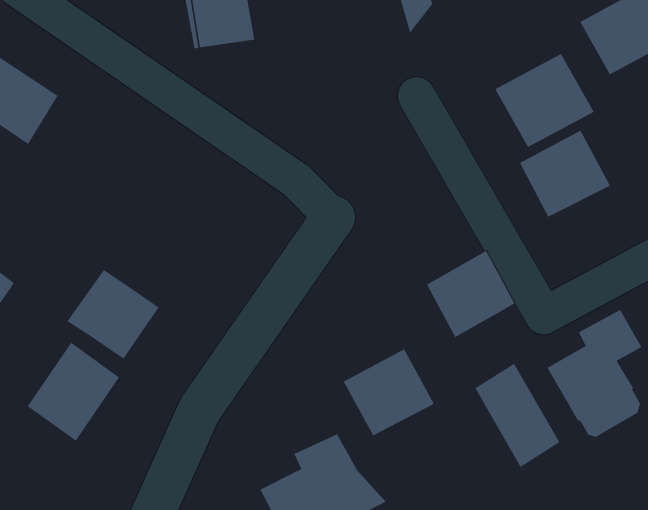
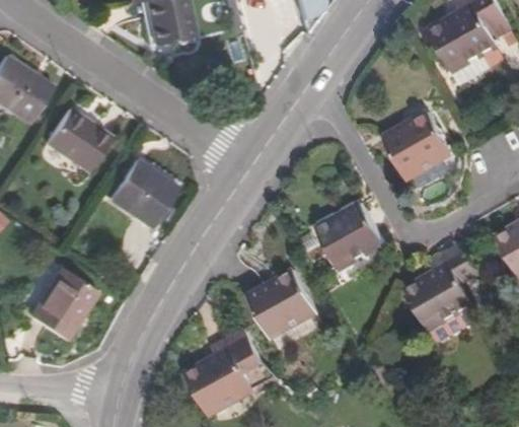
building: [494,53,595,148] -> none
building: none -> [41,111,103,169]
building: [67,269,159,359] -> [101,158,170,225]
building: [475,363,560,468] -> none

